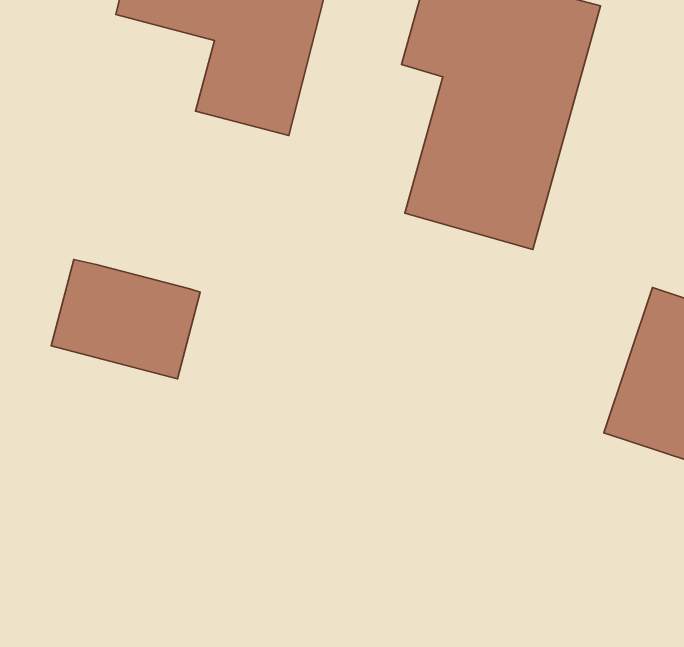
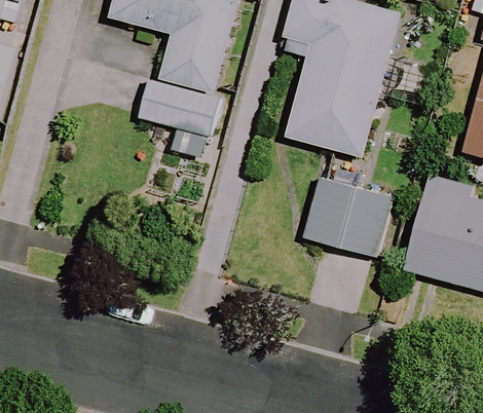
building: [51,259,200,379] -> [134,72,222,143]
building: none -> [302,178,393,258]

